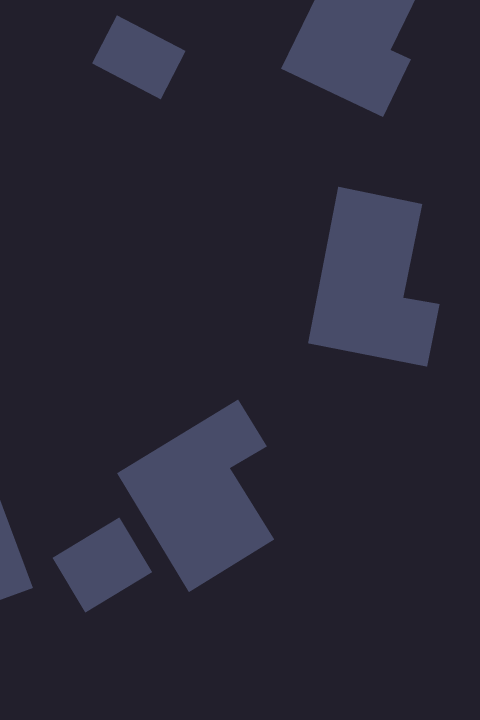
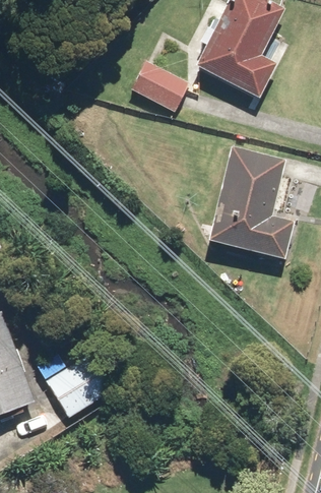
building: [91,14,186,100] -> [129,59,190,114]
building: [116,398,275,593] -> none

